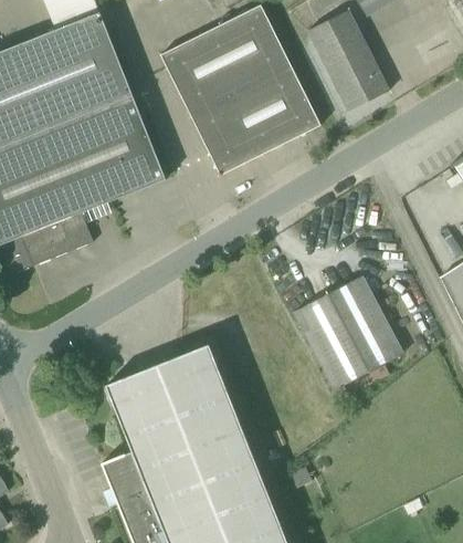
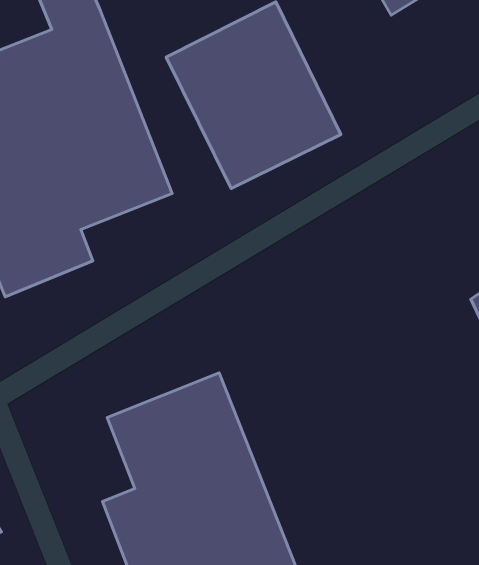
building: [307,9,389,111] -> none
building: [295,275,401,397] -> none

